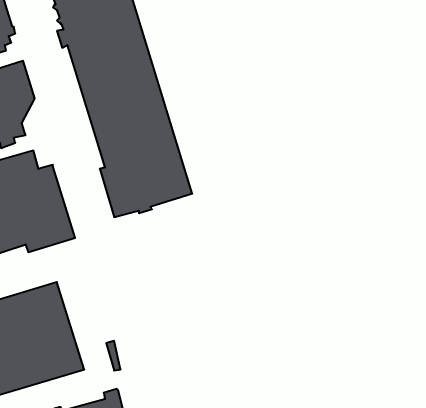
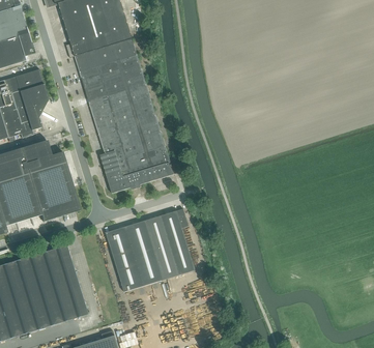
building: none -> [105,208,194,291]

